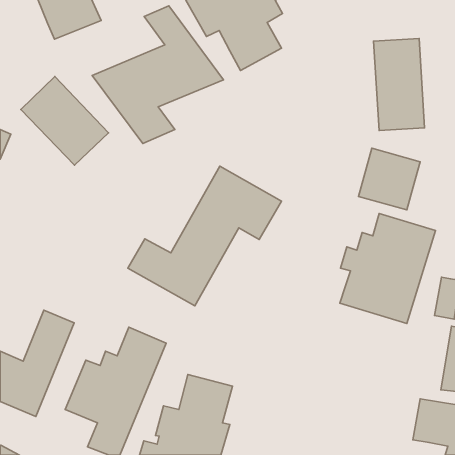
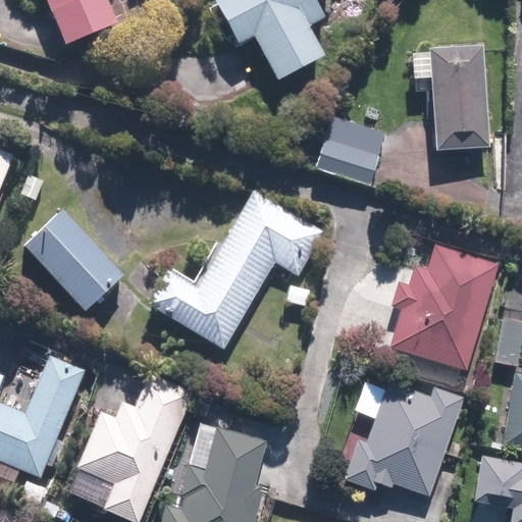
building: [92,6,223,144] -> none
building: [21,77,109,165] -> [22,209,122,310]
building: [359,148,420,210] -> [314,115,384,186]
building: none -> [345,380,465,495]

